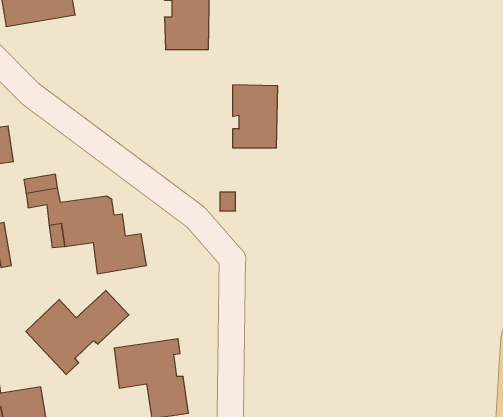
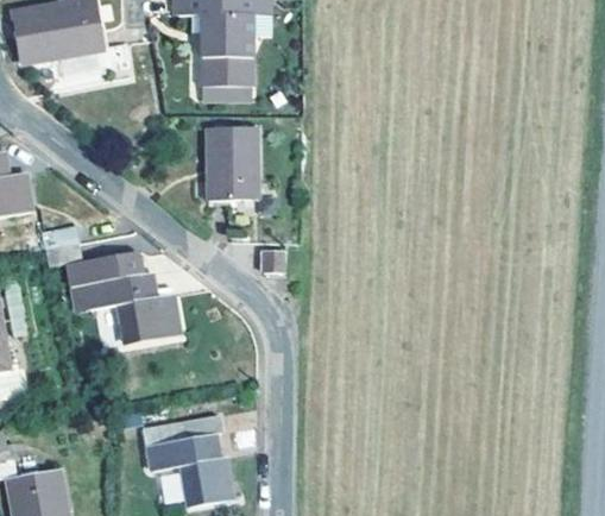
building: [233,85,278,148] -> [206,128,257,200]
building: [26,290,129,375] -> none

